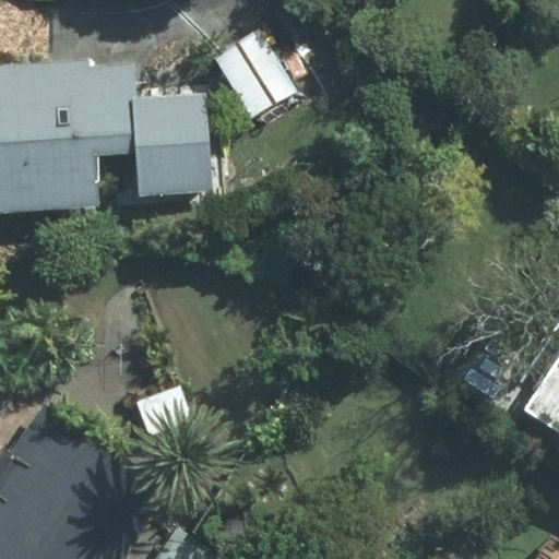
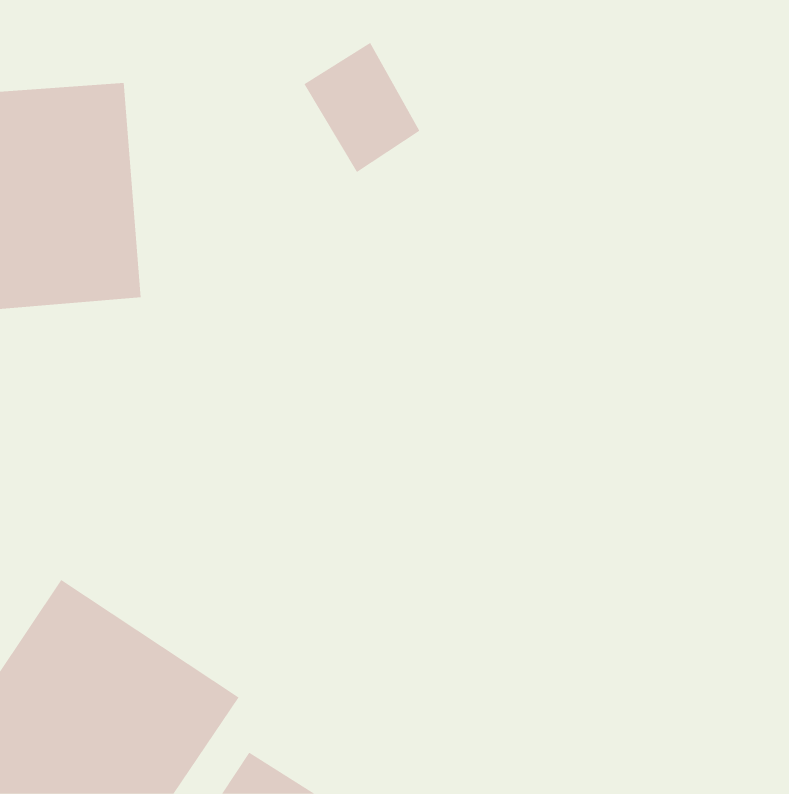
building: [130,95,210,199] -> none

